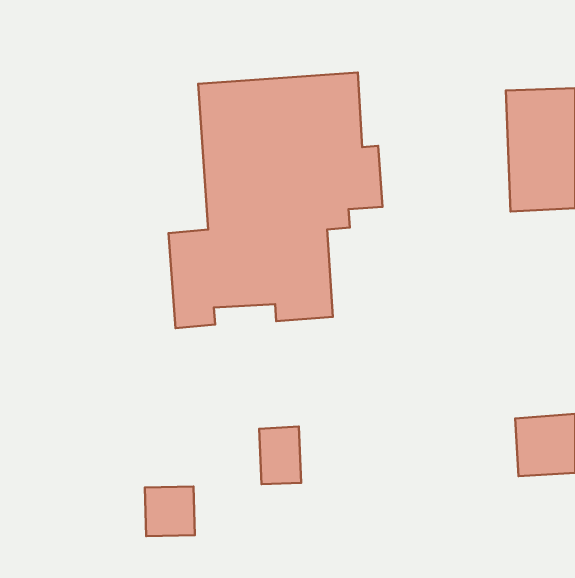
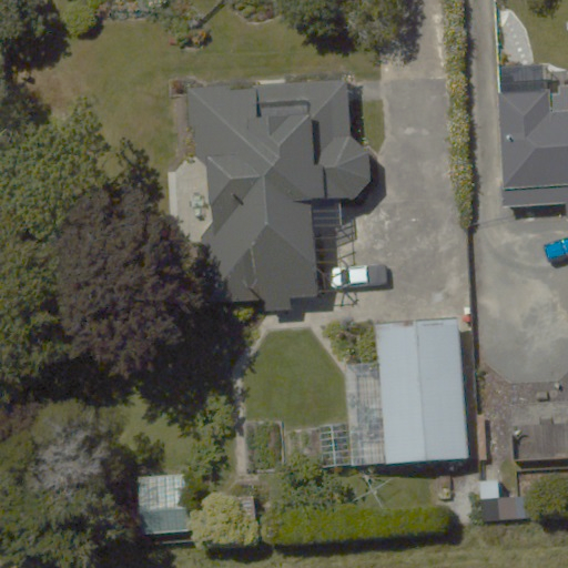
building: none -> [320,313,474,473]

